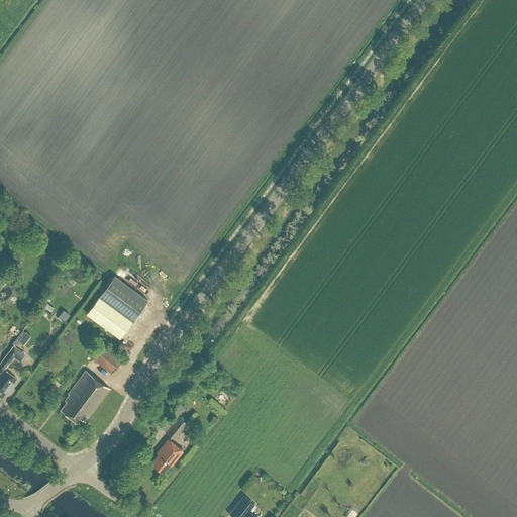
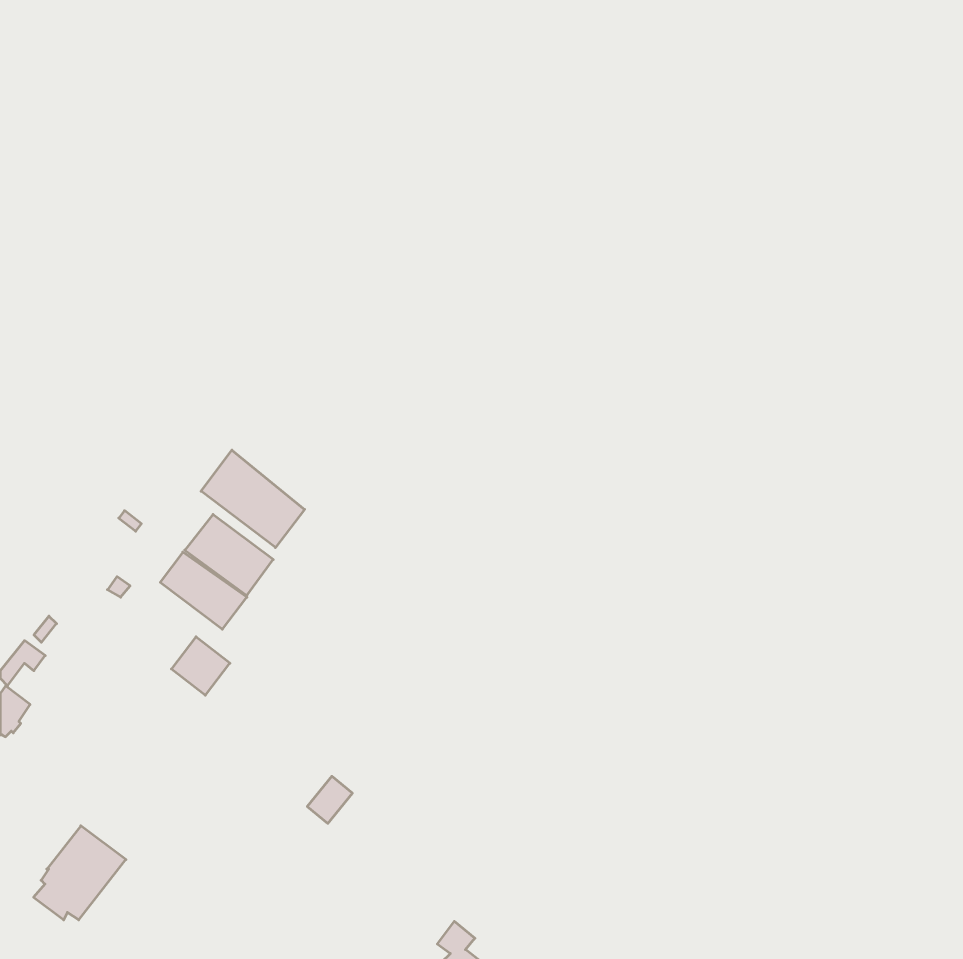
building: none -> [201,450,305,548]
building: [61,372,110,422] -> [34,826,126,920]
building: [151,440,182,472] -> none

